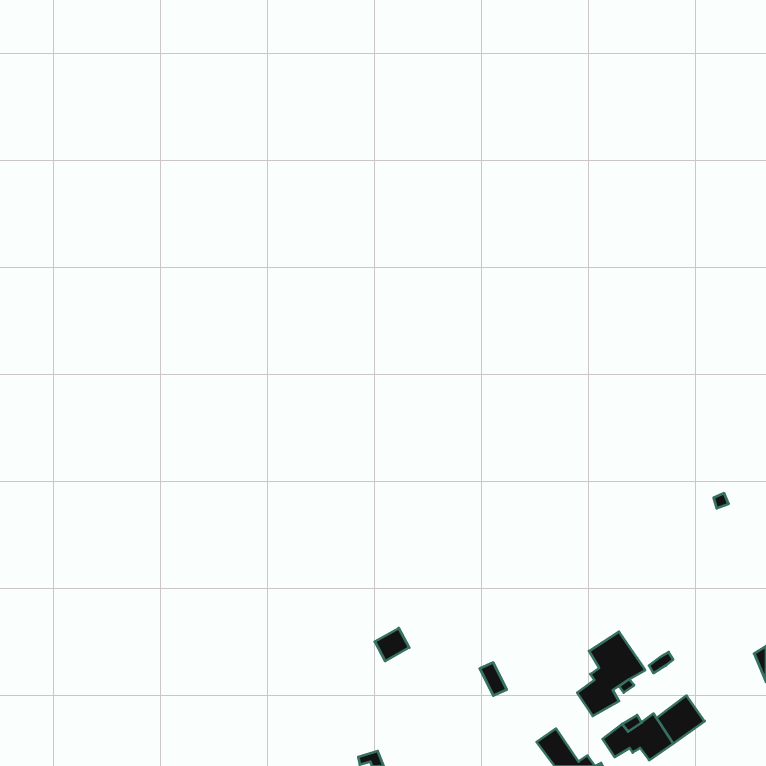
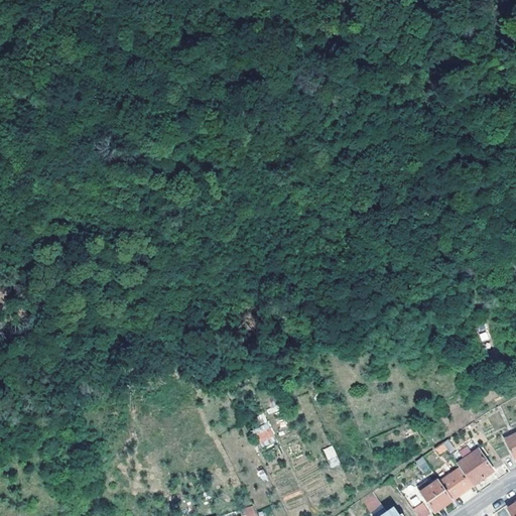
building: [577,632,645,716] -> none
building: none -> [460,449,495,485]

